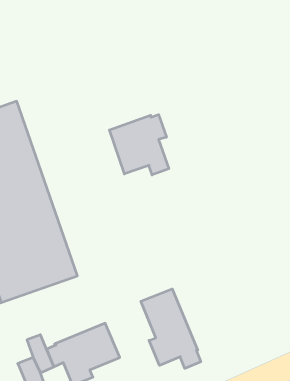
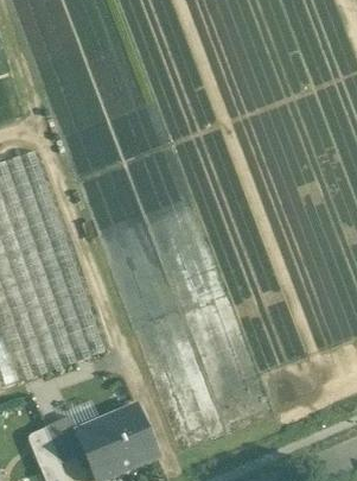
building: [109,115,169,175] -> none
building: [141,289,201,368] -> none

